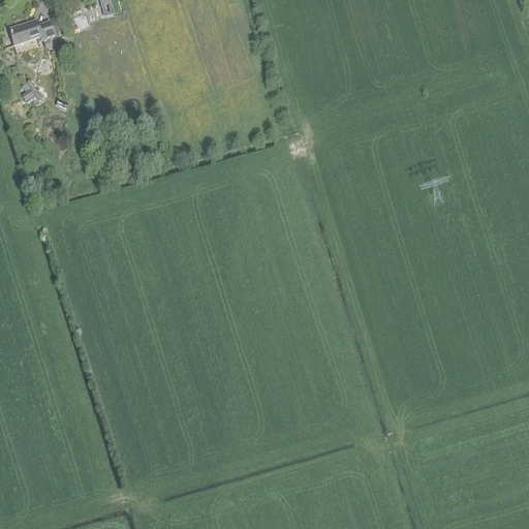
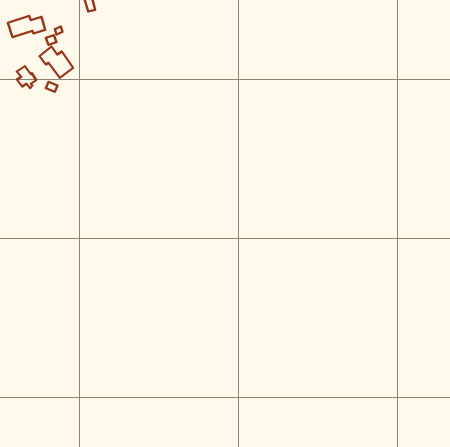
building: none -> [39,46,73,78]

